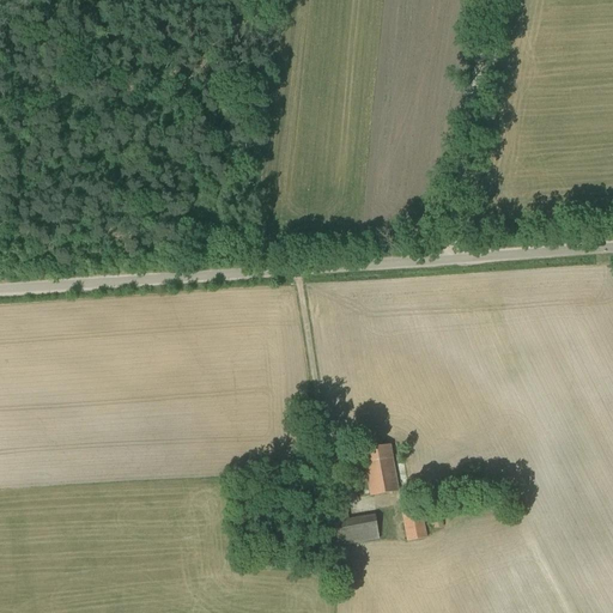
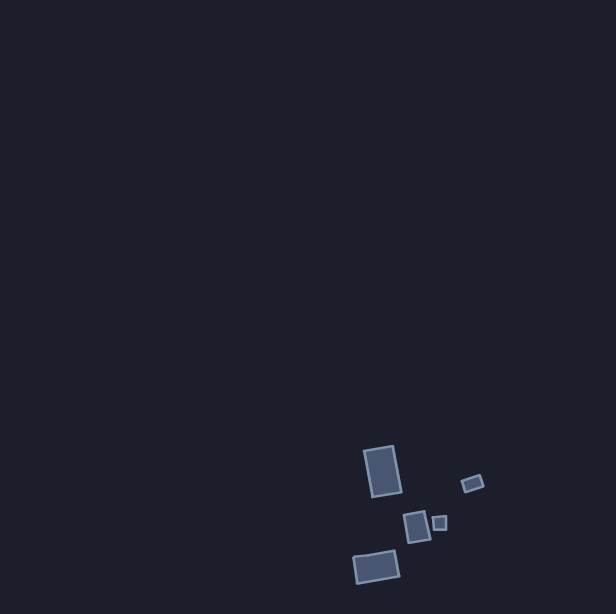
building: [334,512,380,545] -> [353,551,399,583]

